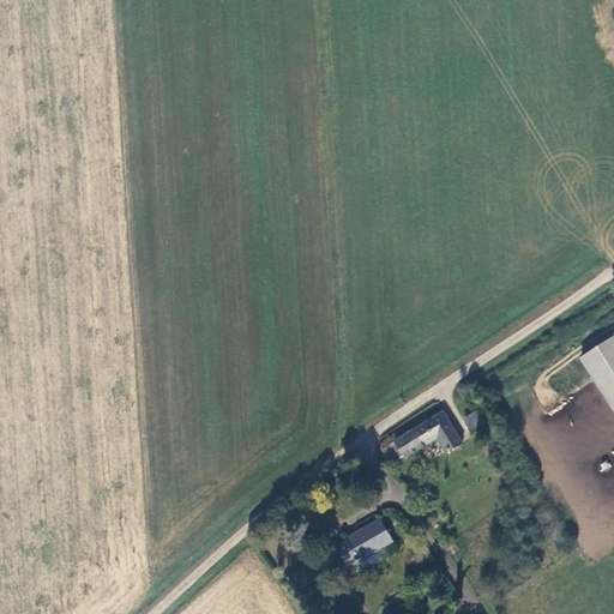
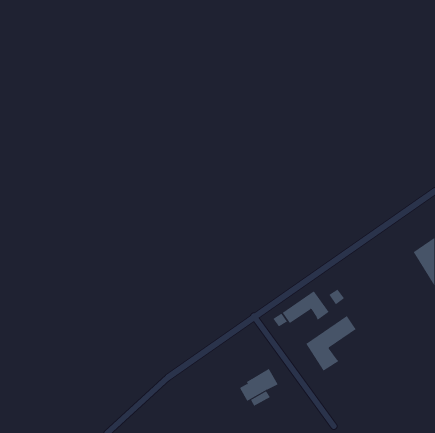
building: none -> [305,315,356,372]

